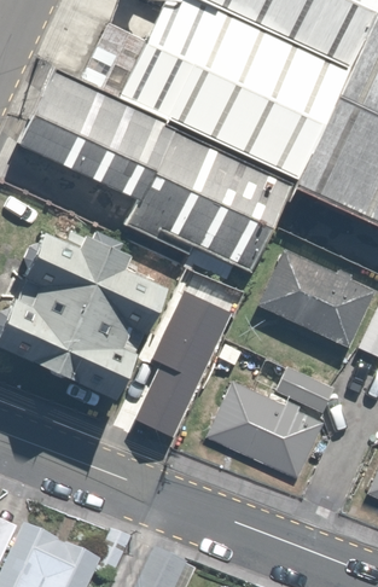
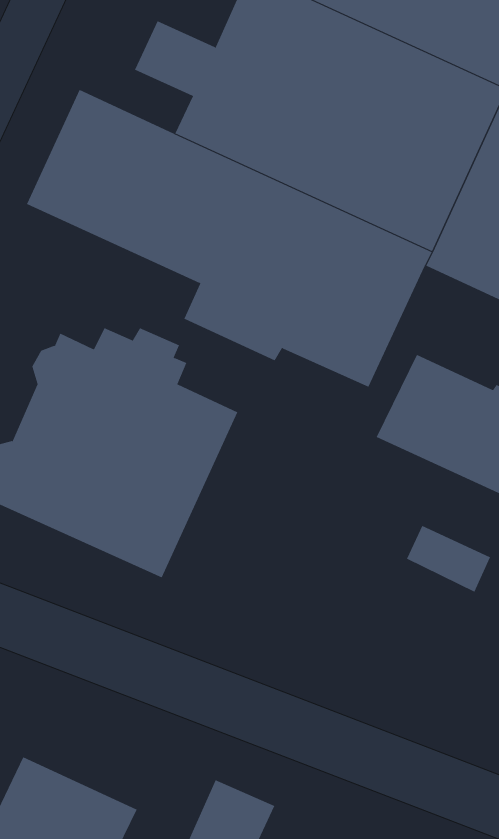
building: [143,291,235,451] -> none
building: [204,378,321,477] -> none

